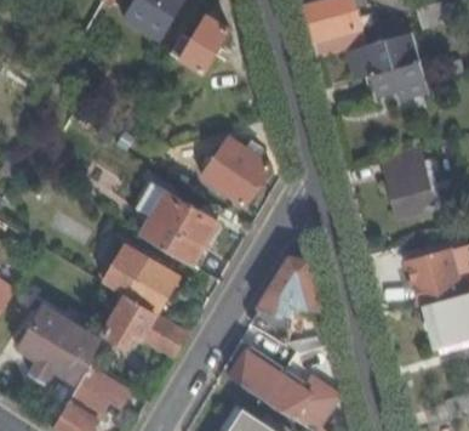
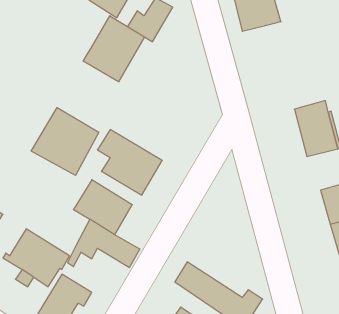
building: [345,34,425,101] -> none
building: none -> [83,16,144,82]
building: [202,137,271,204] -> none
building: none -> [31,108,99,175]
building: [251,255,322,344] -> none

